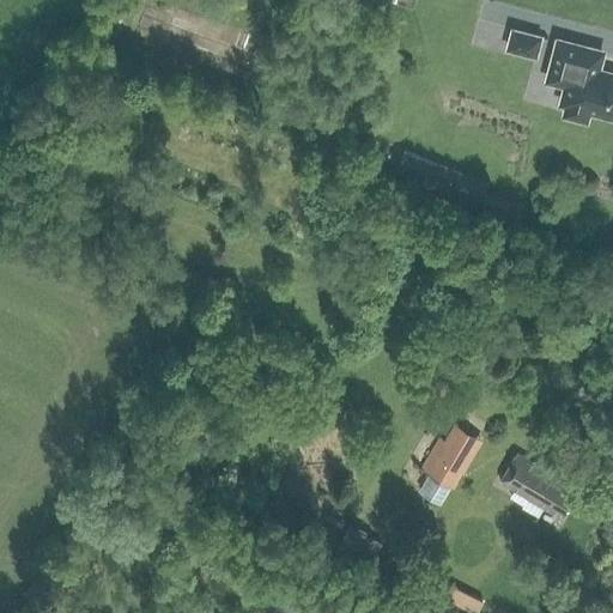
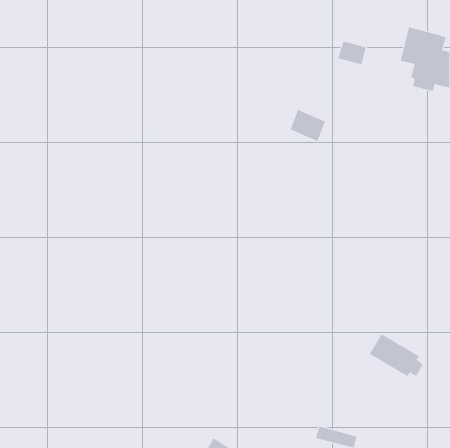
building: [505,29,545,61] -> [338,41,367,65]
building: [430,433,475,487] -> none

